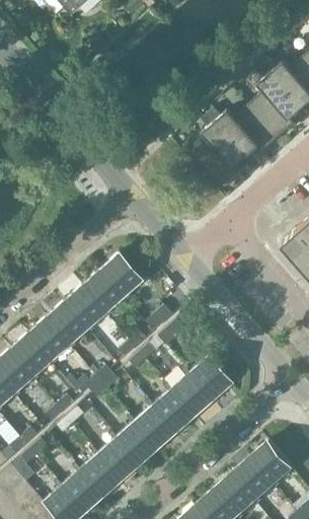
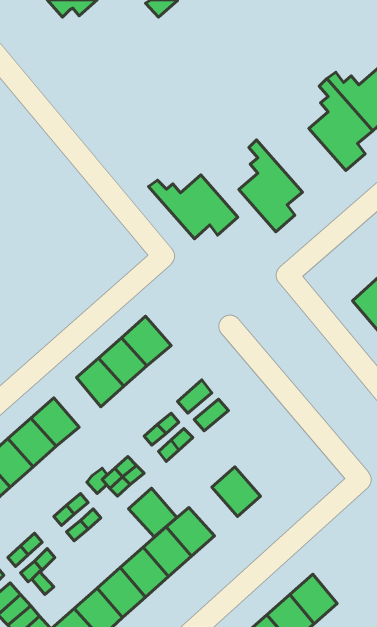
building: [207,104,278,155] -> [149,175,238,239]
building: [46,302,83,342] -> none
building: [189,356,229,396] -> none
building: [153,389,191,428] -> [128,488,177,537]
building: [251,442,290,481] -> none

